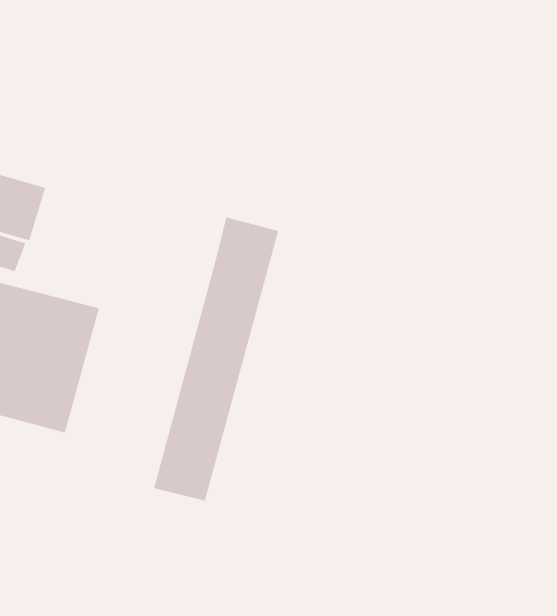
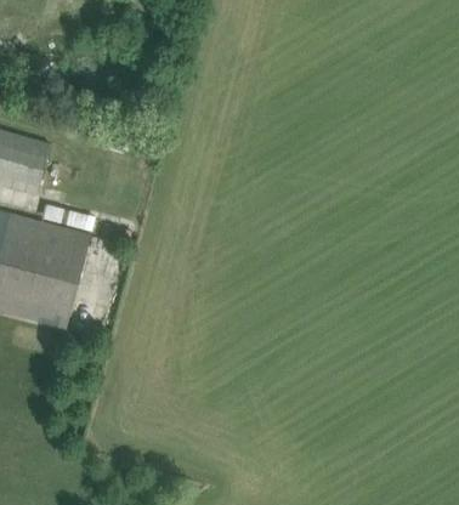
building: [153,216,279,502] -> none

